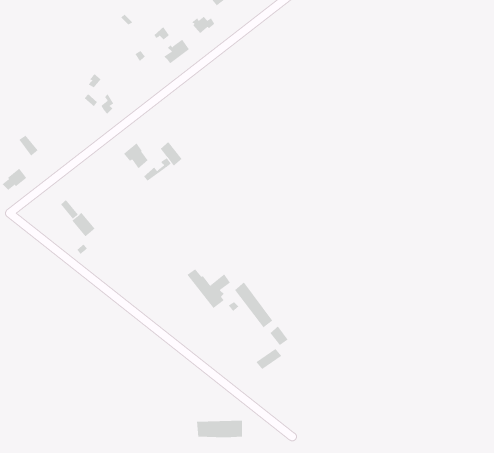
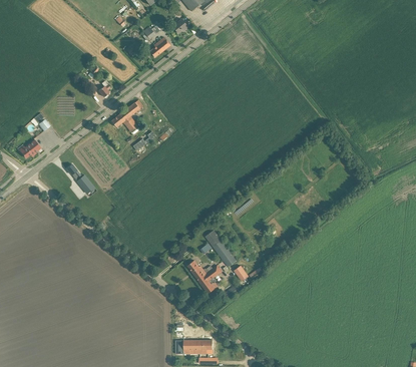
building: [187,269,231,309] -> [187,261,223,293]

